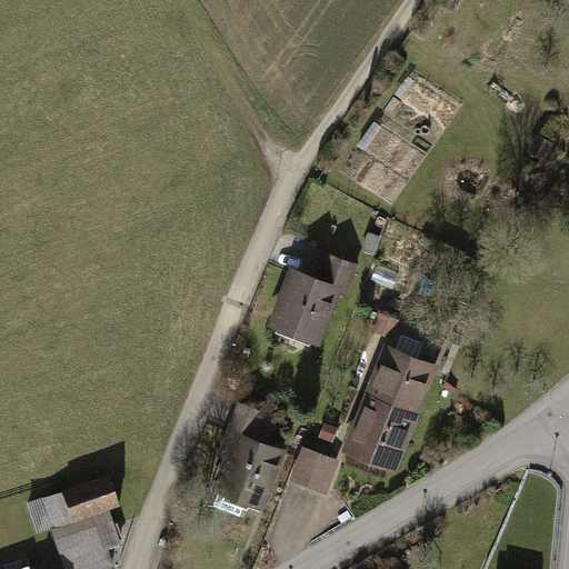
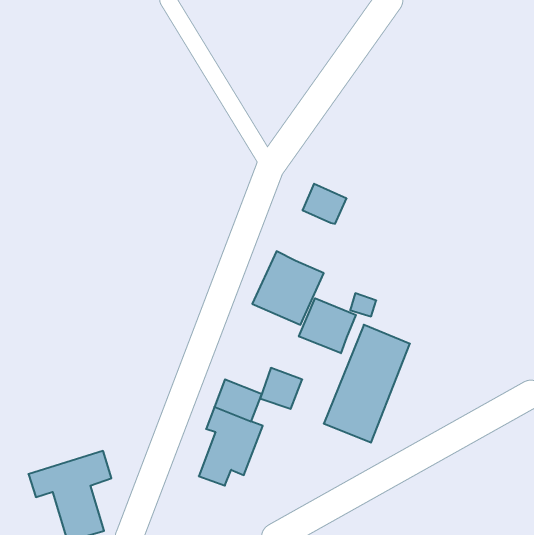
building: [312,250,359,292] -> [302,184,347,224]
building: none -> [299,298,356,353]
building: [290,446,335,489] -> [260,368,302,409]

